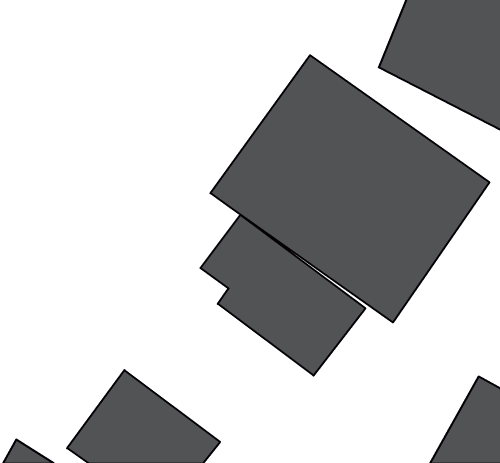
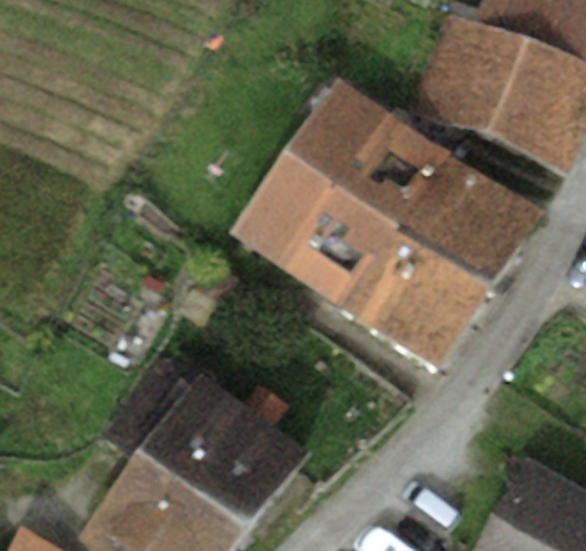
building: [200,215,365,376] -> [124,338,304,514]

